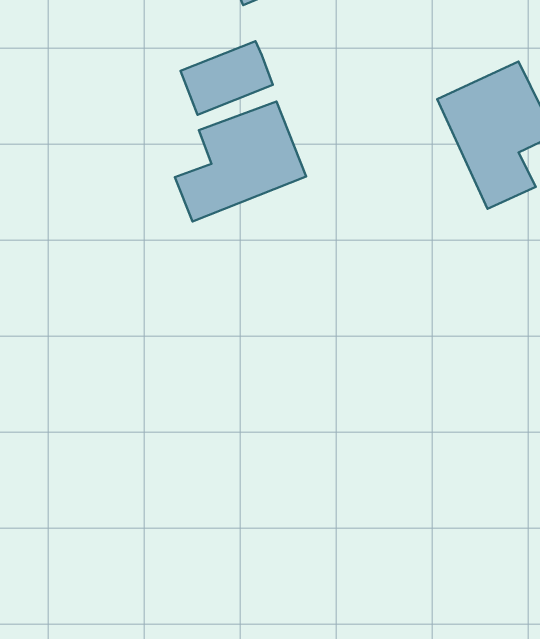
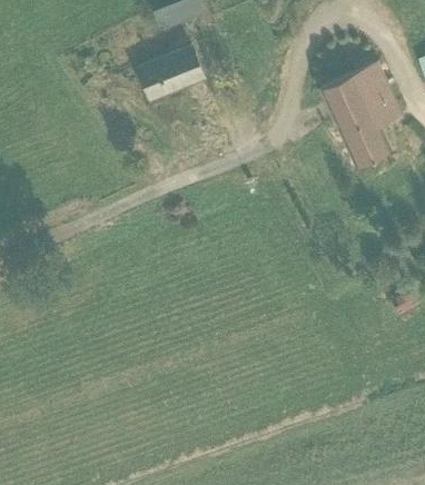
building: [175,101,306,222] -> none

